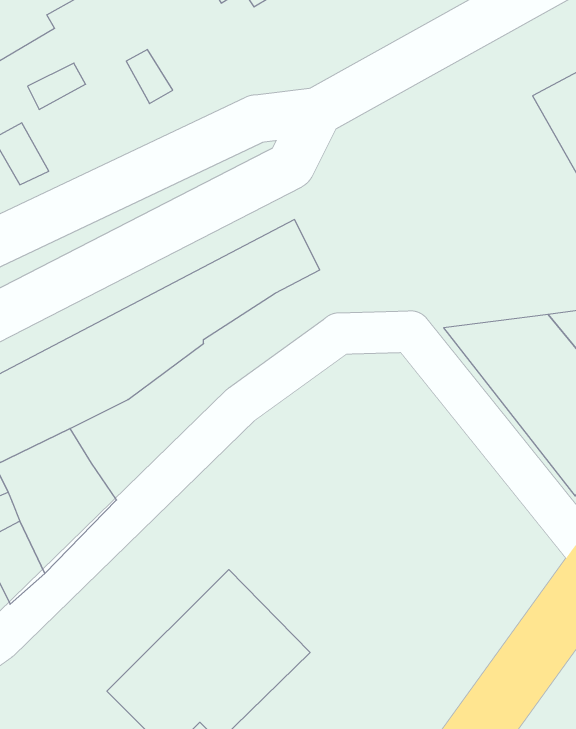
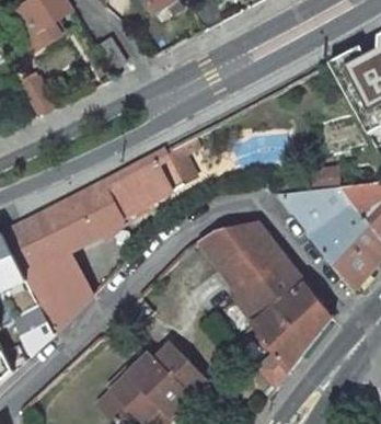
building: none -> [192,206,335,378]

